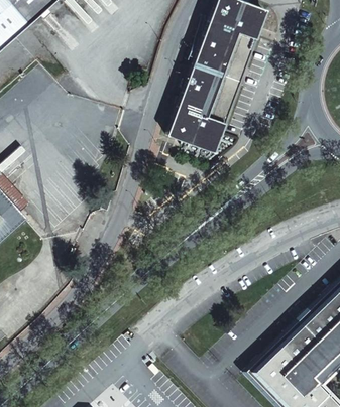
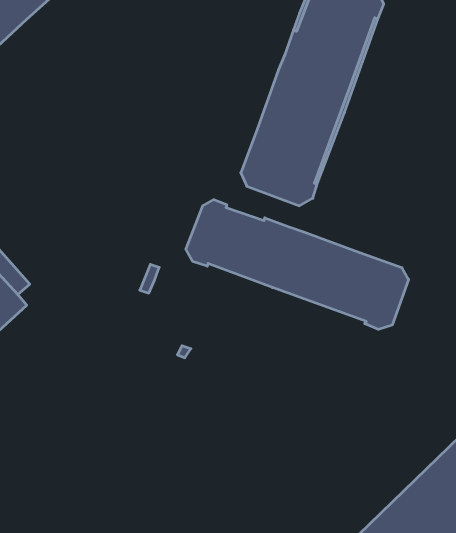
building: none -> [186,200,409,329]

